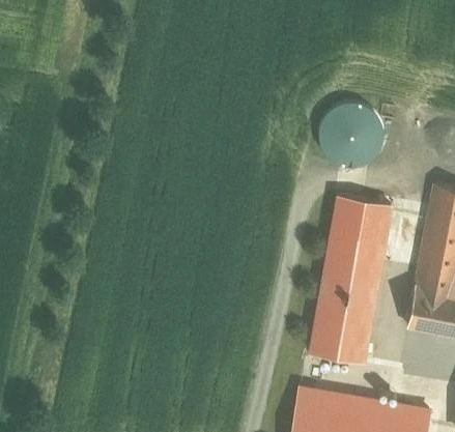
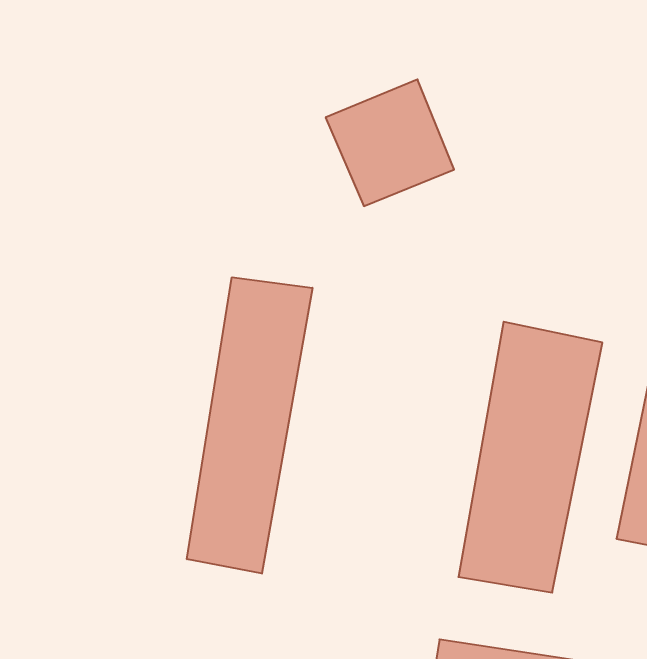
building: [311,96,388,172] -> [326,79,454,206]
building: none -> [187,277,312,574]

